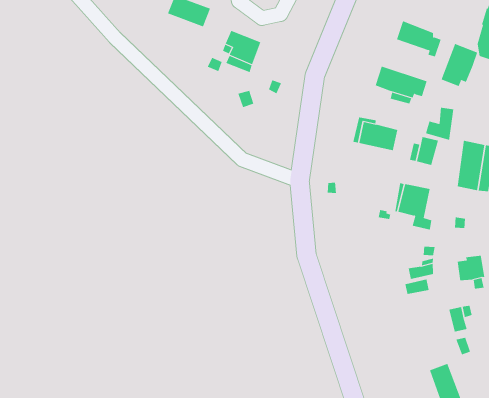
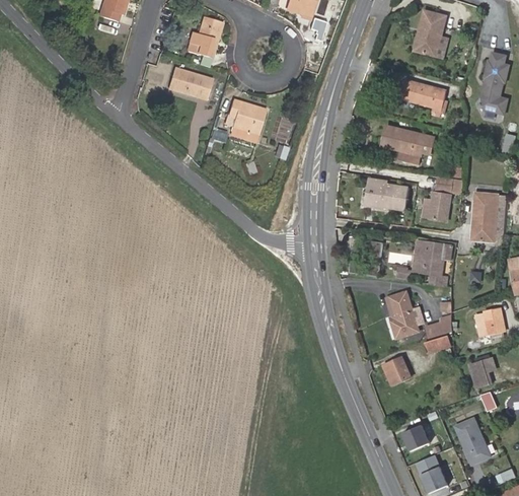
building: [441,43,478,87] -> none
building: none -> [388,292,418,338]
building: none -> [383,357,410,383]
building: none -> [403,424,430,450]

